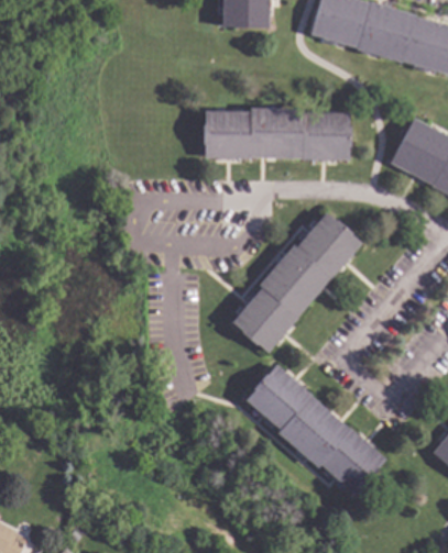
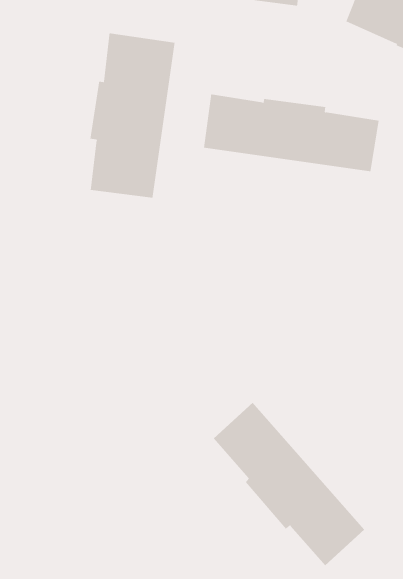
building: none -> [90,32,175,199]
building: [232,213,362,353] -> none

